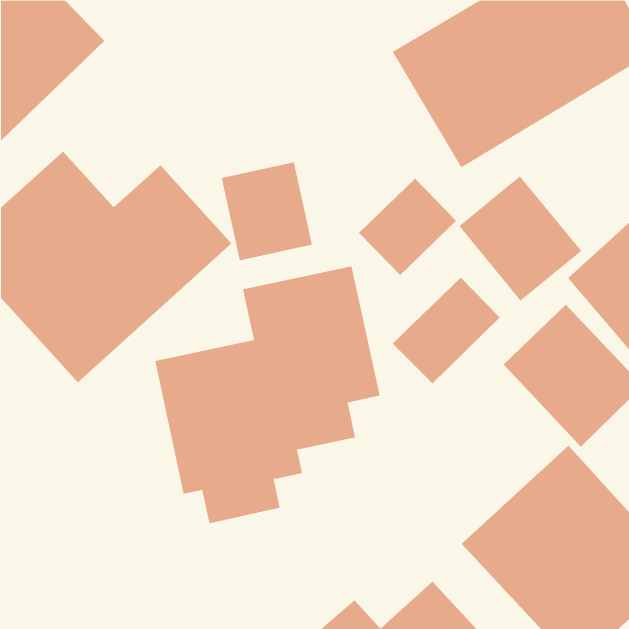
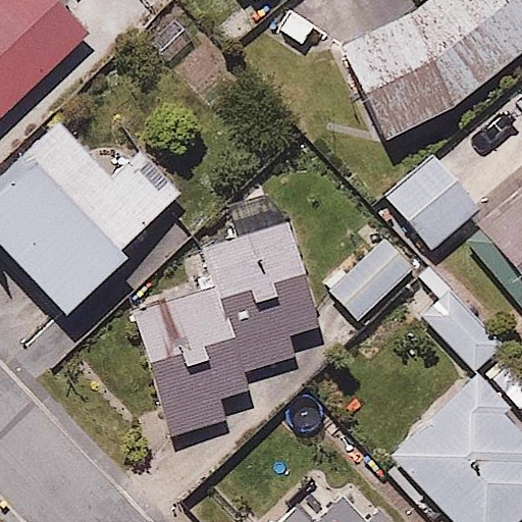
building: [221,162,312,261] -> none
building: [358,178,457,276] -> none

